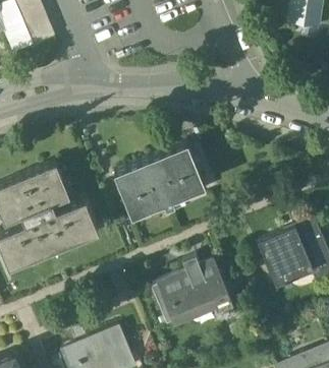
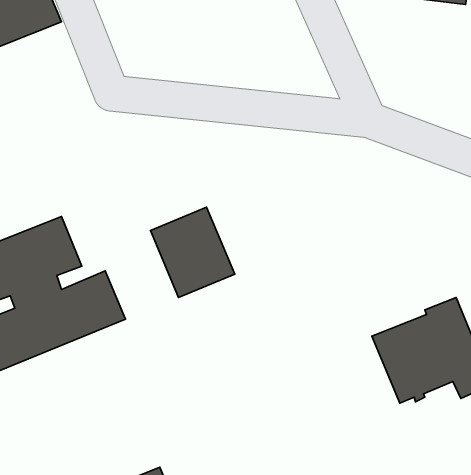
building: [150,142,205,201] -> none
building: [152,262,228,324] -> none

